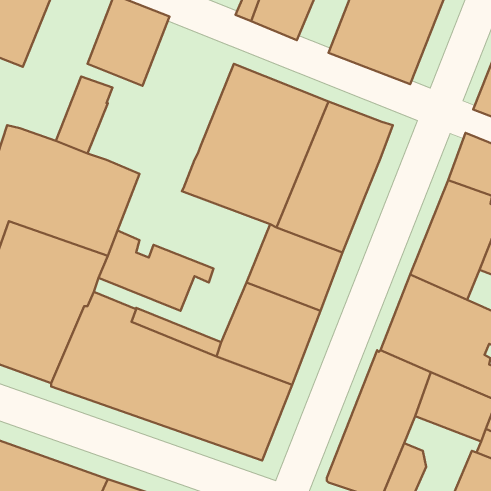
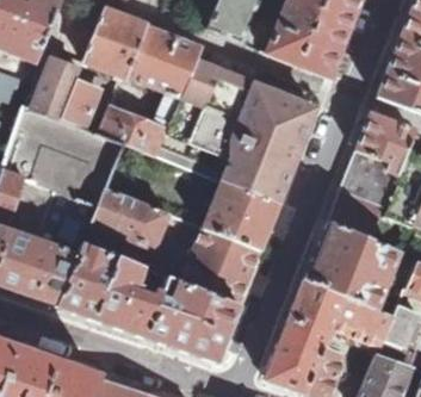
building: none -> [126,25,202,123]
building: none -> [33,60,83,119]
building: none -> [99,110,166,155]

